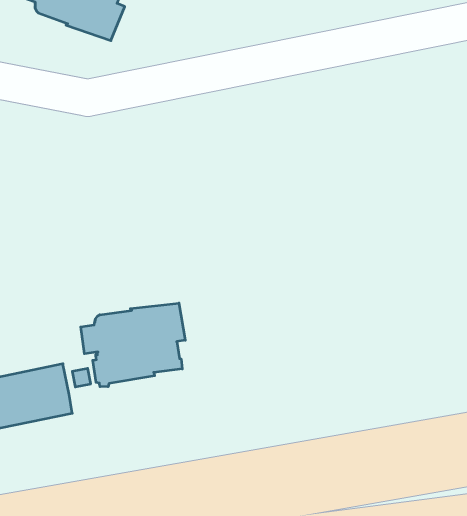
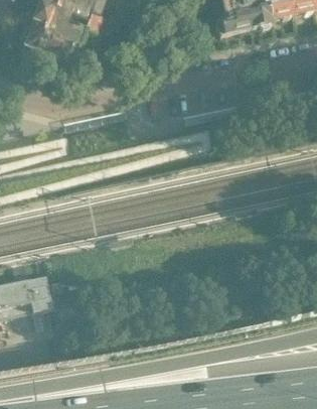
building: [81,303,185,387] -> none

